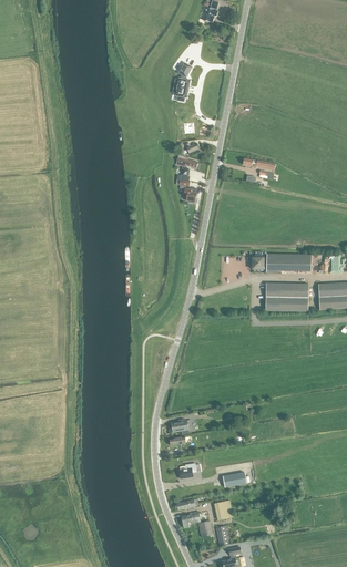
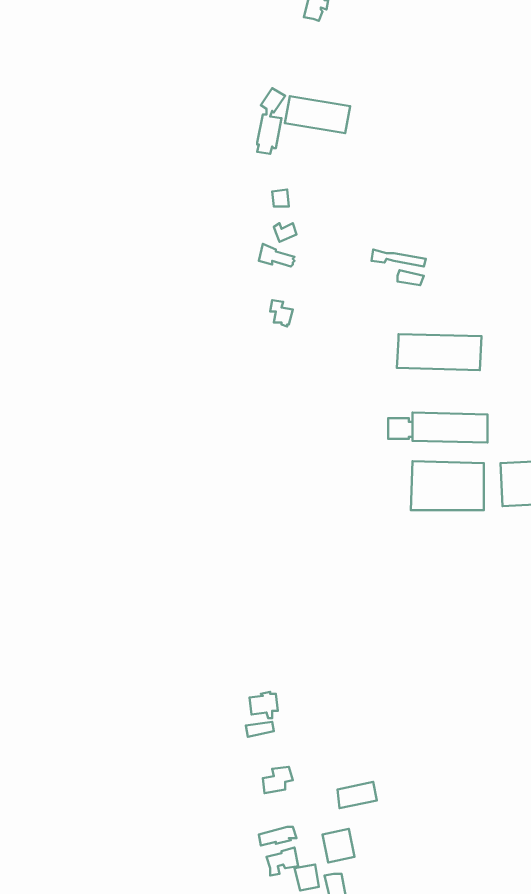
building: none -> [285,96,350,133]
building: none -> [397,334,481,370]

